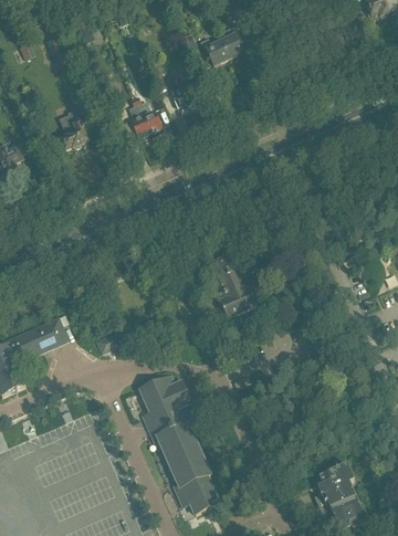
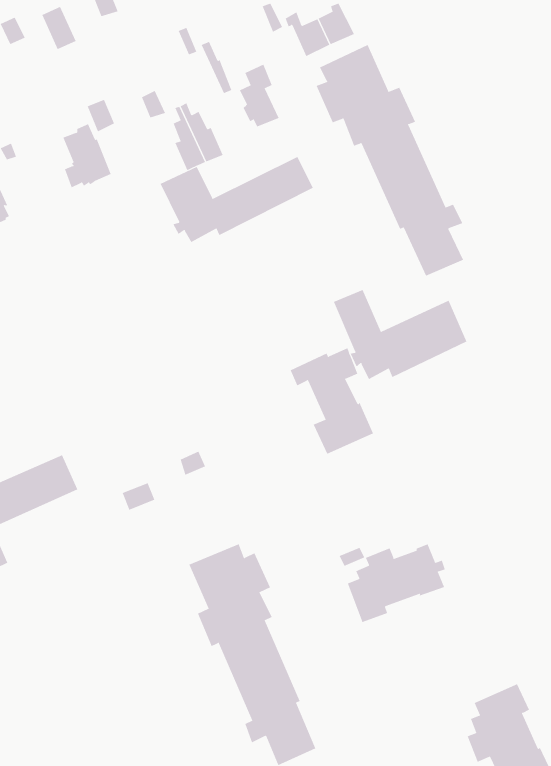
building: none -> [316,44,464,276]
building: none -> [160,156,313,243]
building: none -> [333,289,467,380]
building: none -> [347,544,445,623]

